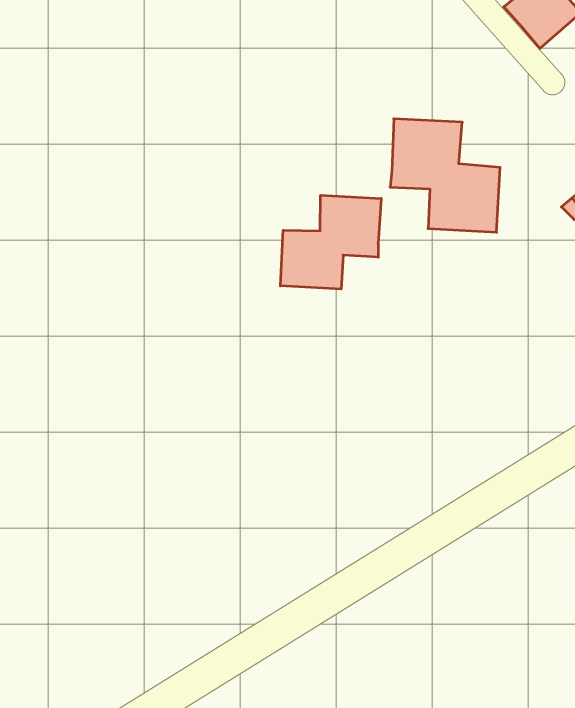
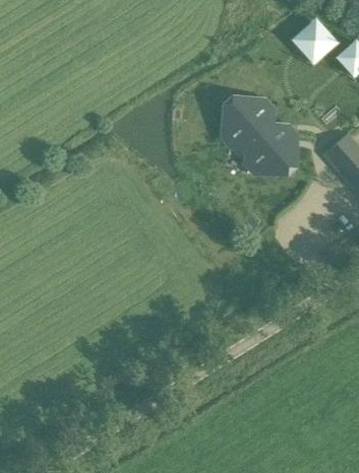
building: [280,195,381,289] -> none

